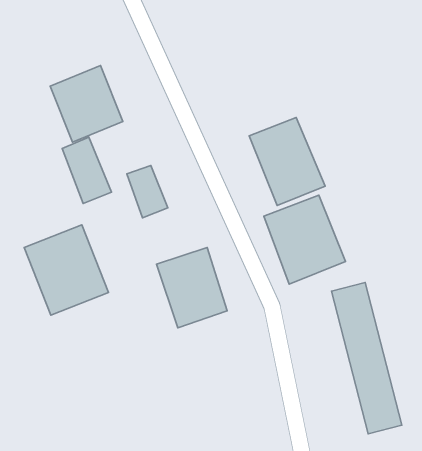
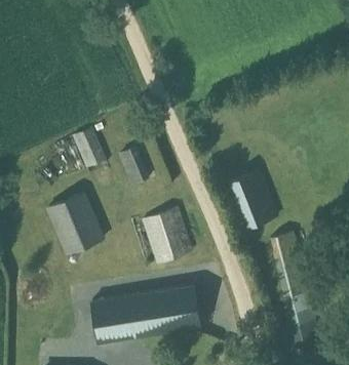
building: [50,66,123,142] -> none
building: [249,118,325,205] -> none
building: none -> [92,284,200,342]

